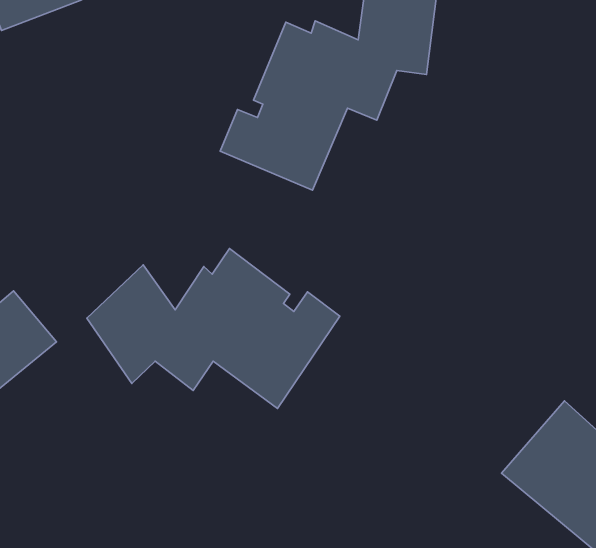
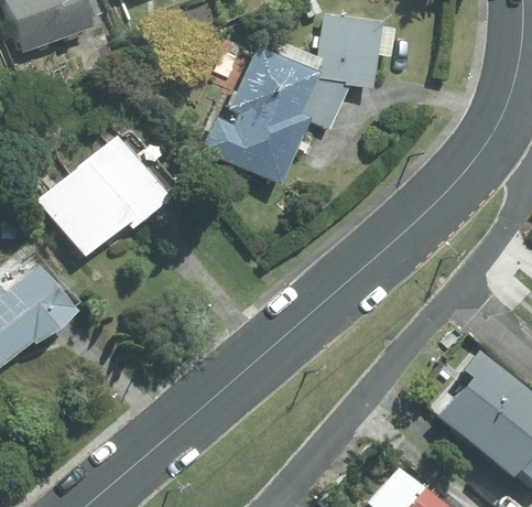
building: none -> [39,137,165,255]
building: [87,249,340,408] -> none

